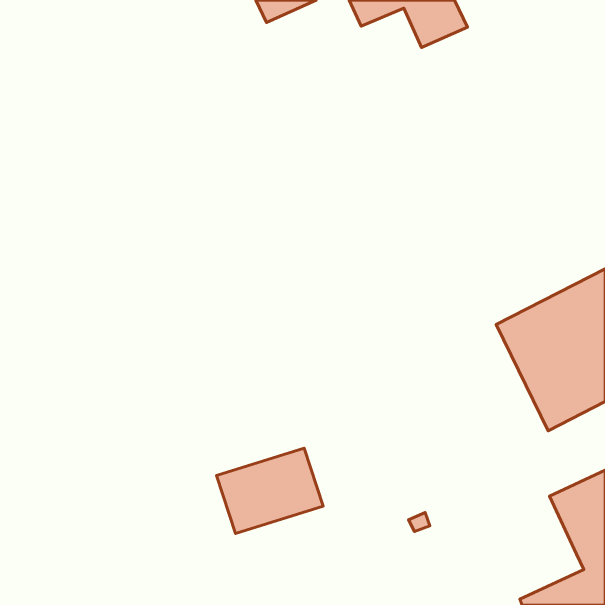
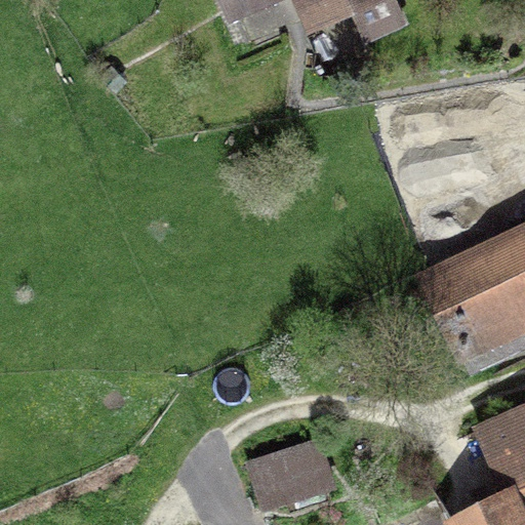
building: [217,448,323,534] -> [244,434,336,508]

